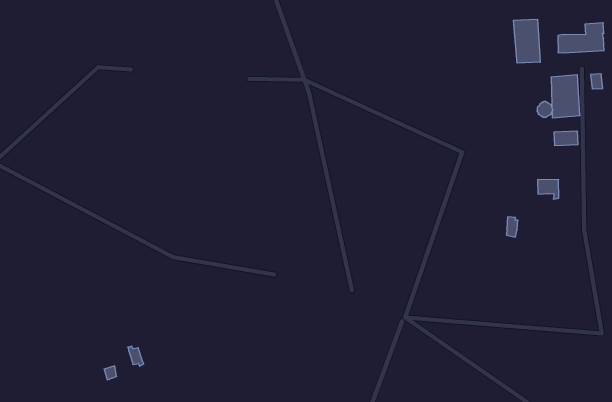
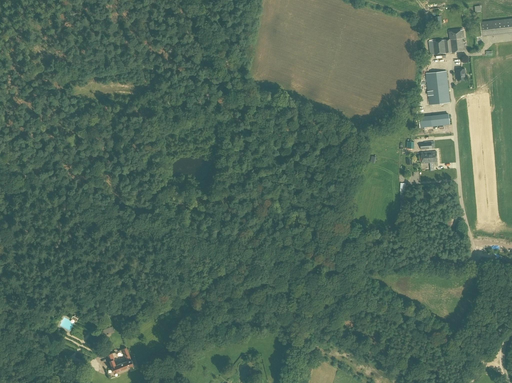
building: [514,19,540,63] -> none

